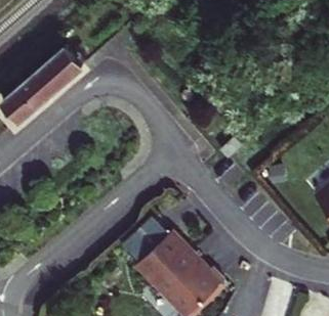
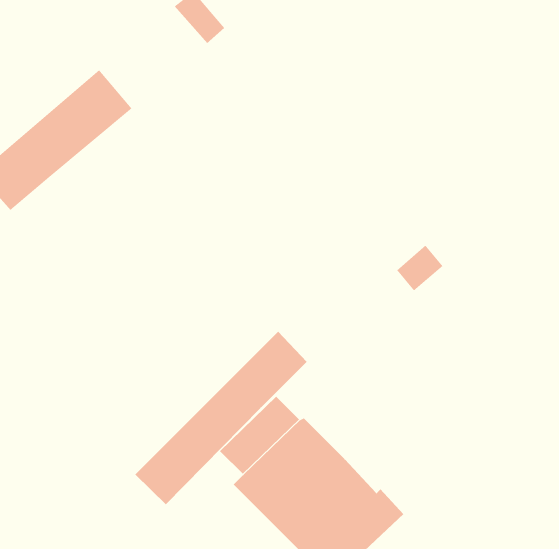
building: none -> [135,331,307,505]

